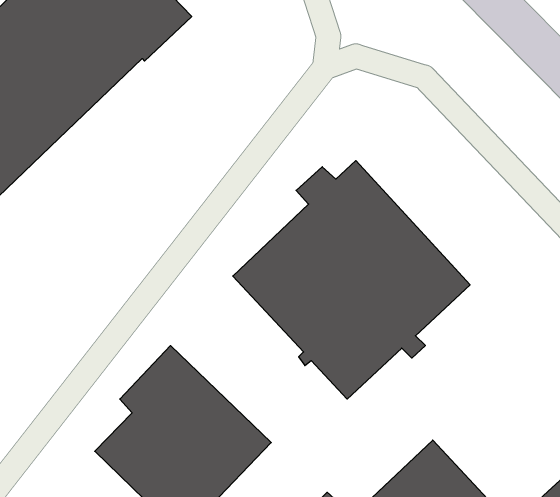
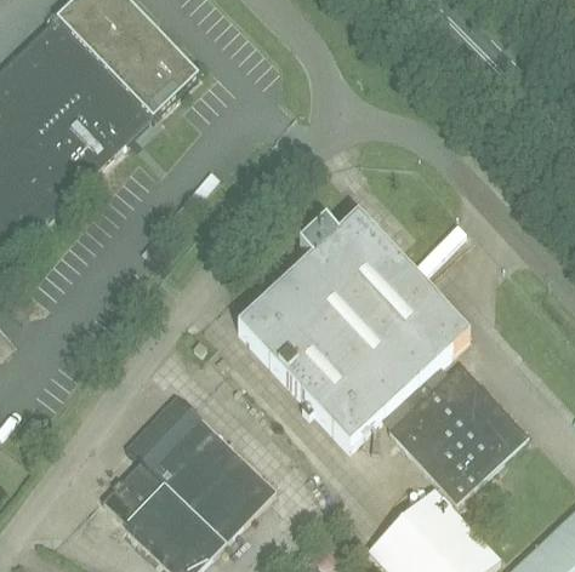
building: none -> [389,362,528,502]

